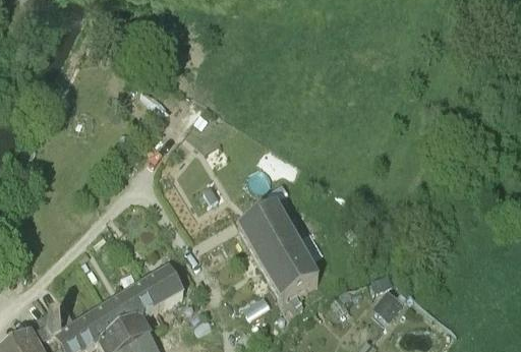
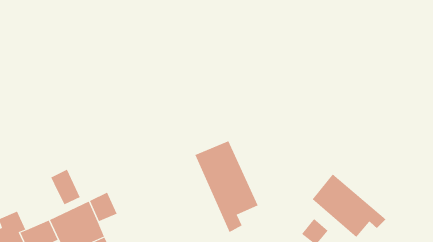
building: none -> [312,174,386,238]
building: none -> [50,169,81,205]
building: [147,267,183,302] -> none

